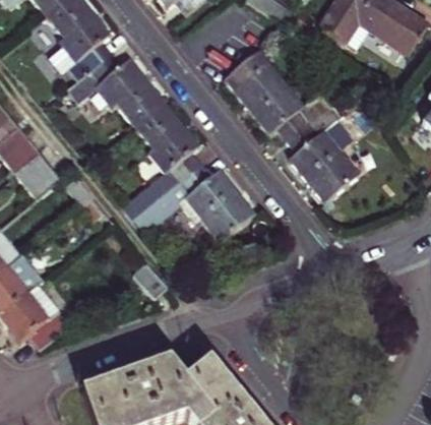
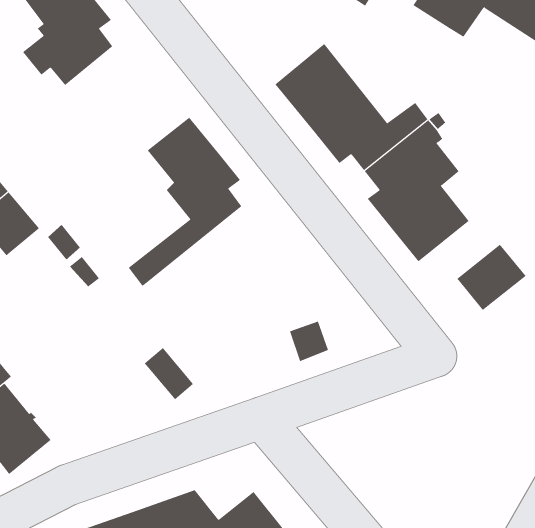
building: [66,52,164,124] -> none
building: [132,163,254,241] -> none
building: none -> [457,244,526,311]

